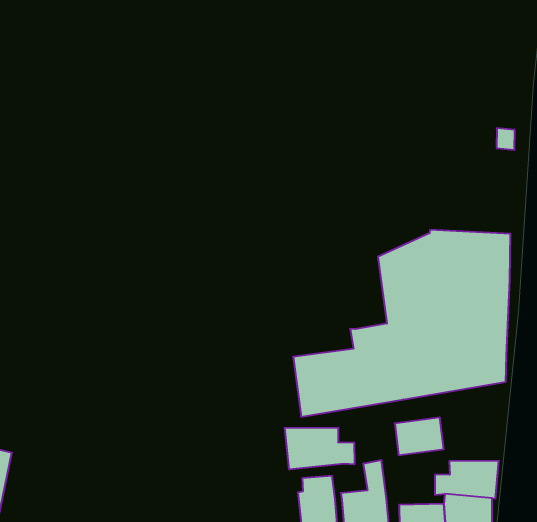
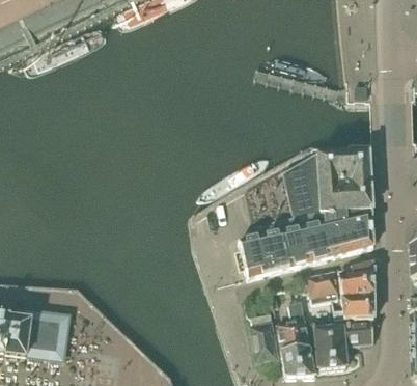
building: none -> [340,259,373,297]
building: [285,428,355,470] -> none

